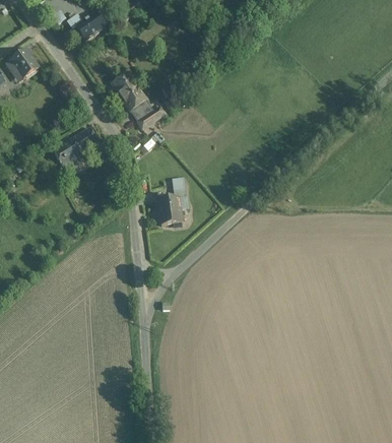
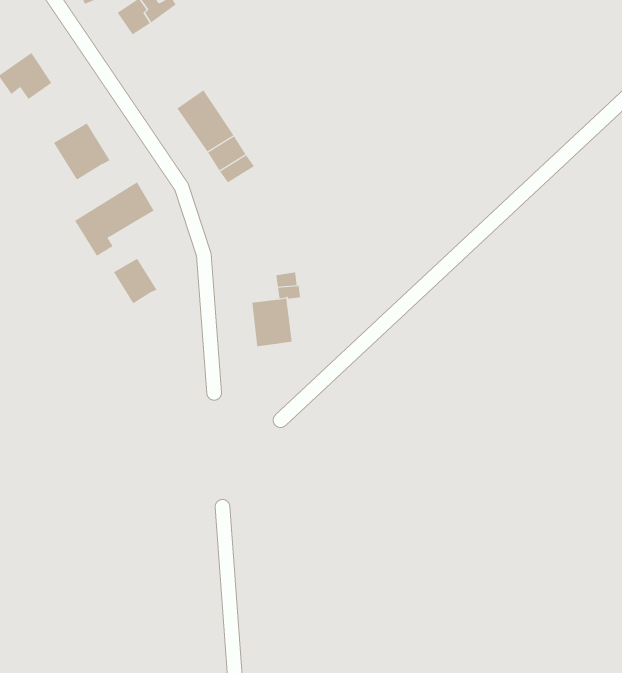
building: none -> [53,123,110,180]
building: none -> [113,258,157,304]

